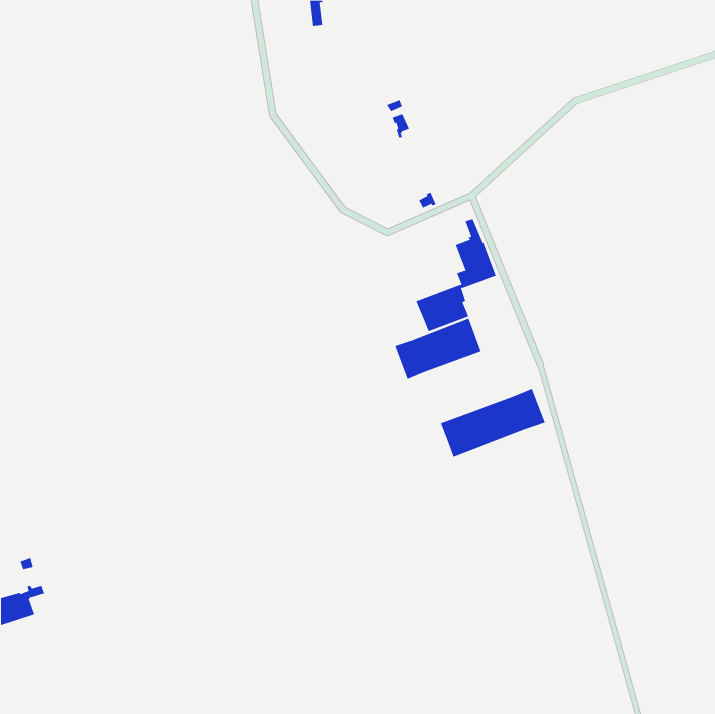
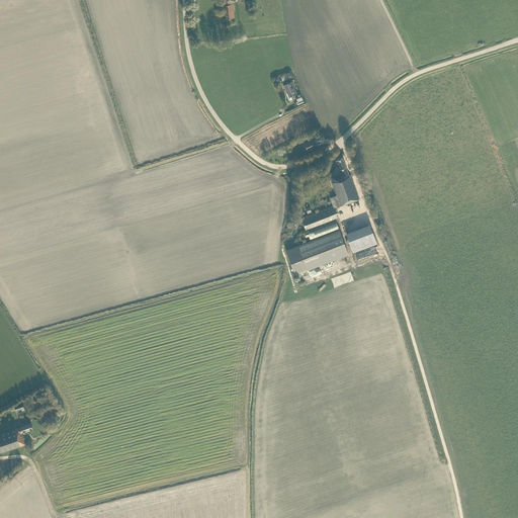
building: none -> [347,230,376,253]
building: [440,388,545,458] -> none

